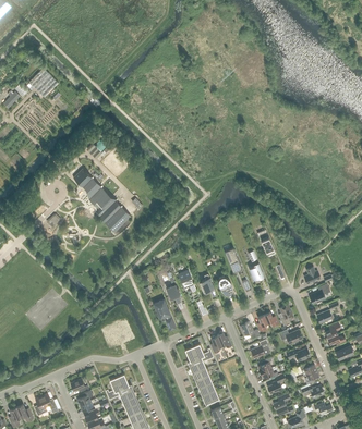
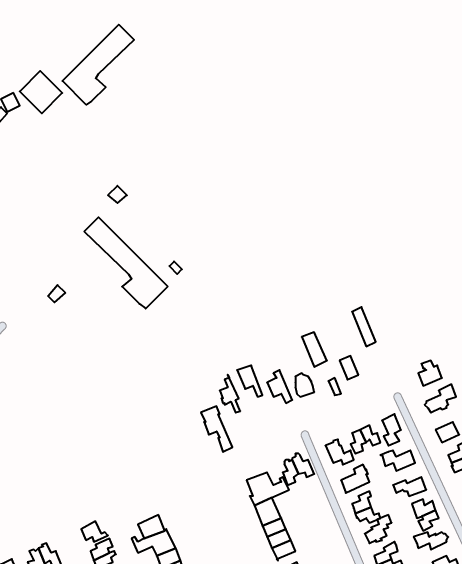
building: none -> [62,25,134,105]

